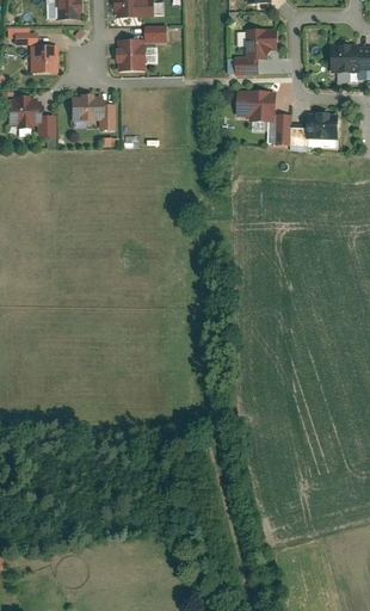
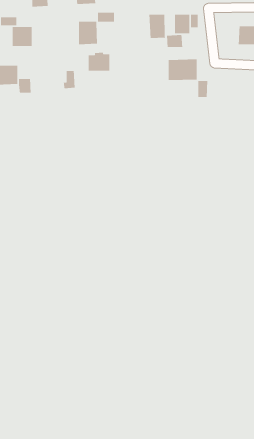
building: none -> [149,14,166,39]
building: [72,93,101,119] -> [88,52,110,71]
building: [306,112,337,135] -> none

